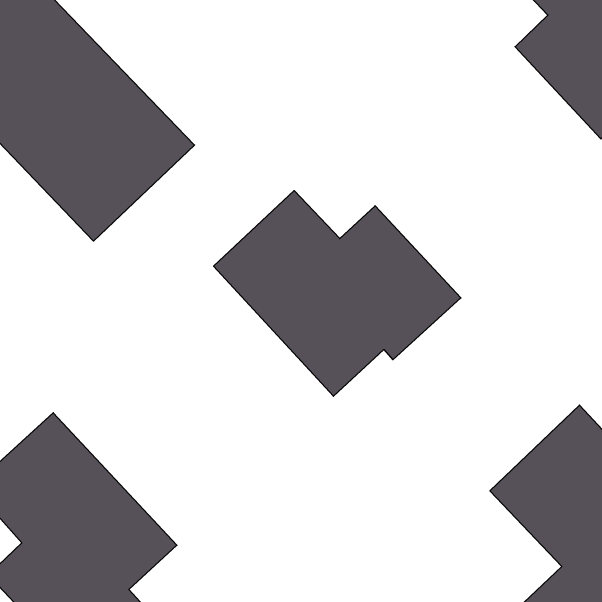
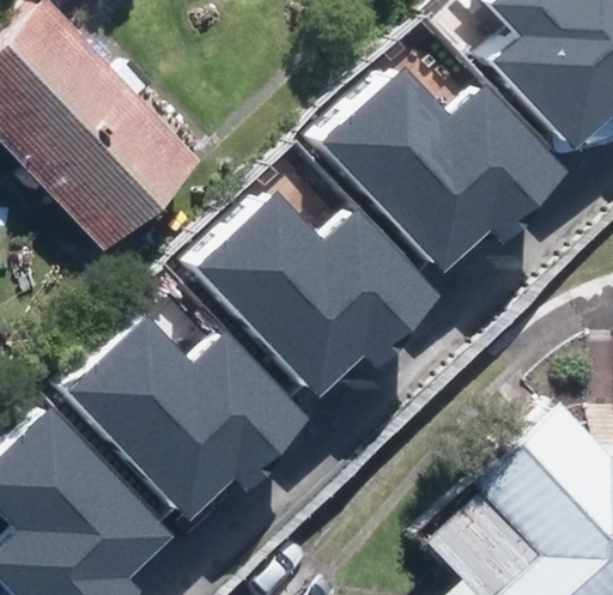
building: none -> [324,69,565,268]
building: none -> [72,320,306,515]

